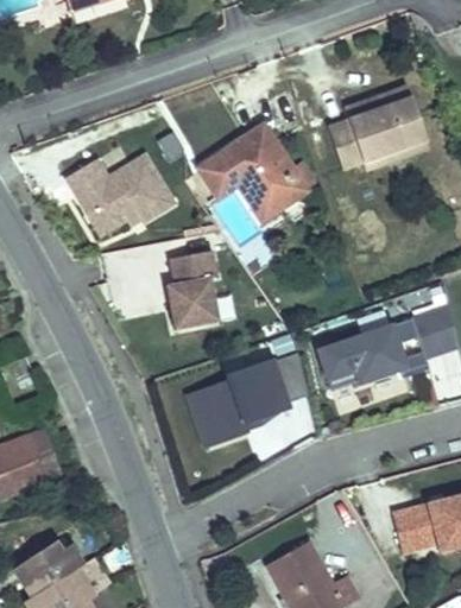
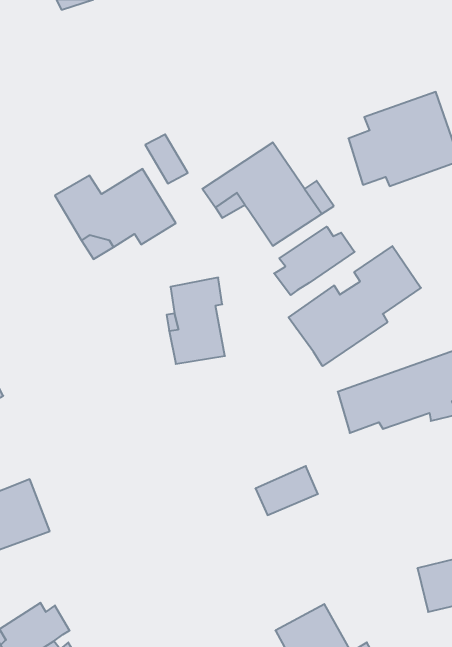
building: none -> [274,227,355,295]
building: none -> [289,246,421,366]
building: [188,355,304,449] -> none

